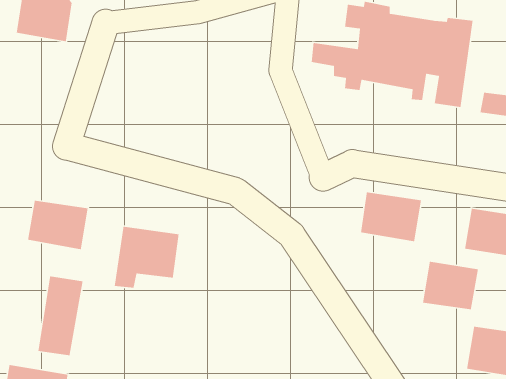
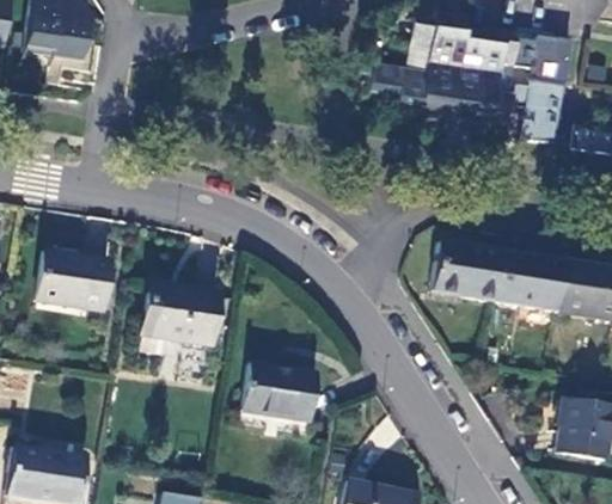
building: [422,261,479,310] -> [497,251,564,309]
building: [38,275,84,356] -> none
building: none -> [244,363,318,422]

